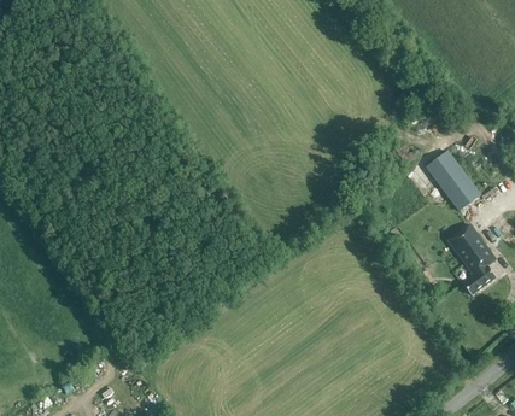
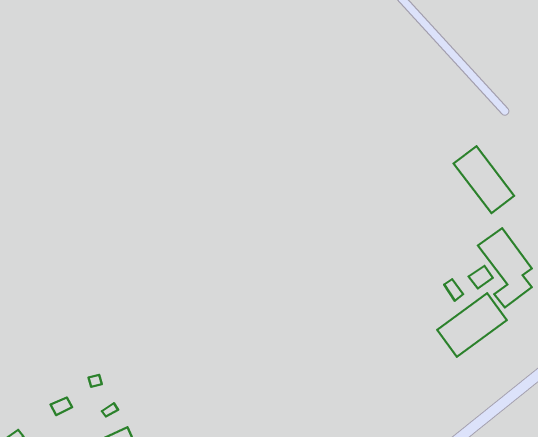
building: none -> [437,293,507,357]

